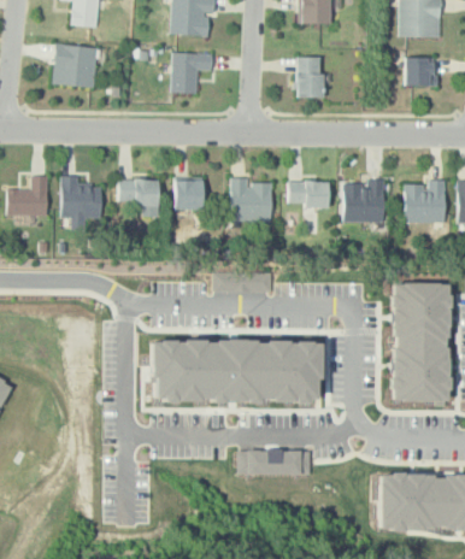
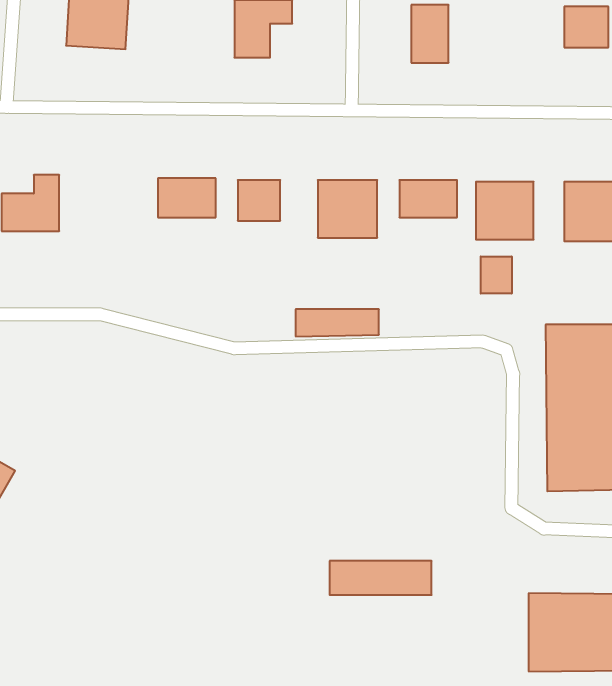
building: [61,177,101,219] -> none
building: none -> [481,256,512,294]
building: [152,341,319,402] -> none

